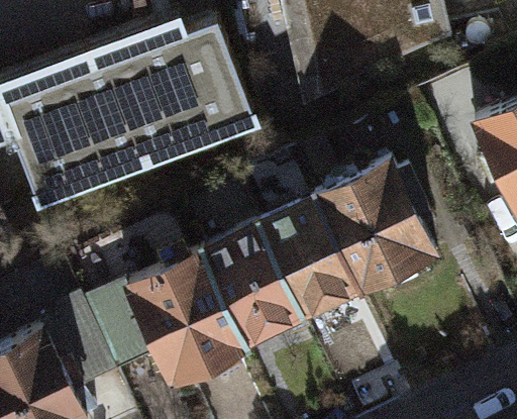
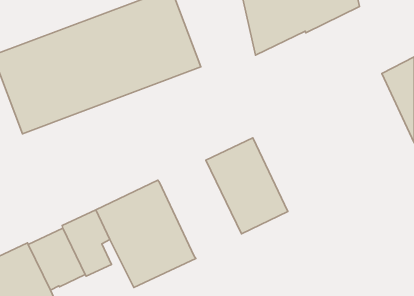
building: [315,162,436,293] -> none
building: [203,228,303,345] -> none

